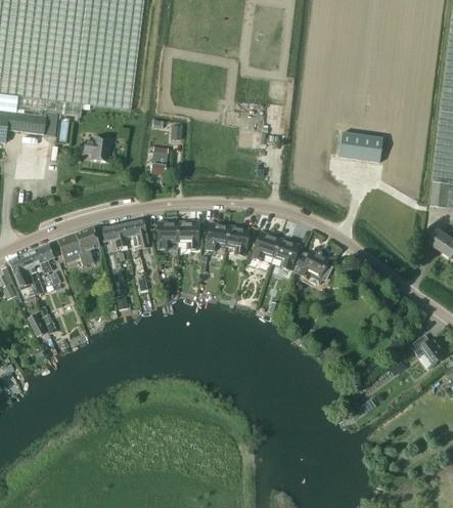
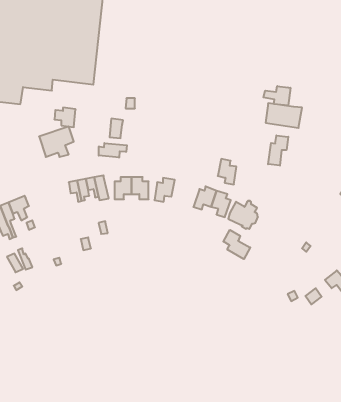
building: none -> [263,86,290,106]
building: none -> [268,135,288,166]
building: none -> [99,143,127,158]
building: [226,224,248,255] -> [218,159,236,184]
building: [58,227,100,264] -> [39,126,74,157]
building: none -> [223,230,250,259]

